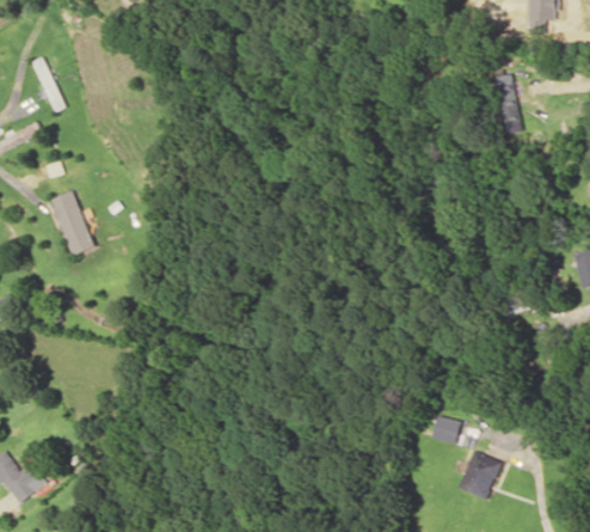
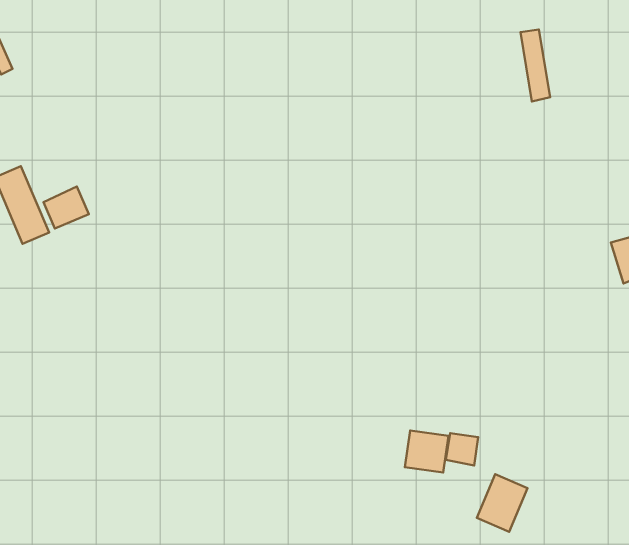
building: none -> [43,186,89,229]
building: none -> [405,430,449,473]

